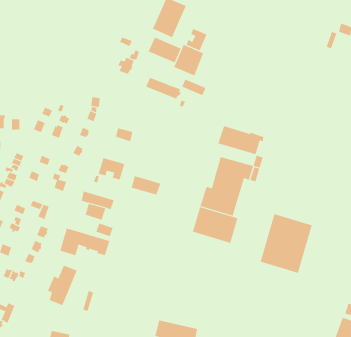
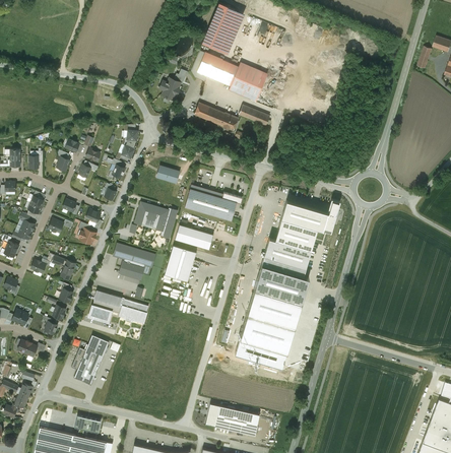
building: [186,28,207,51] -> none
building: [218,125,264,155] -> [184,184,242,220]
building: none -> [165,246,196,282]
building: [260,214,312,273] -> [235,295,300,369]

